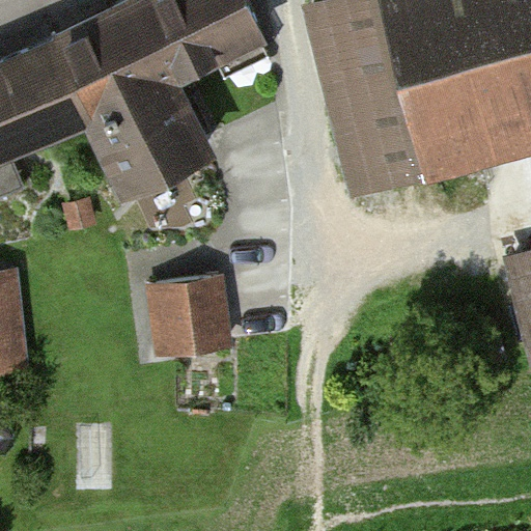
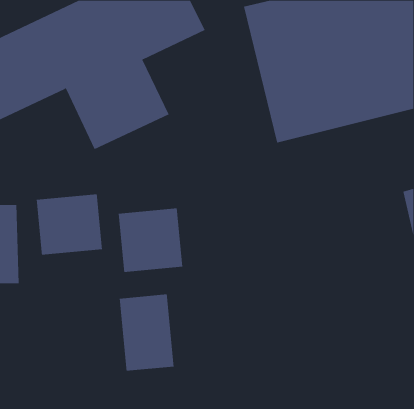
building: none -> [36,193,103,256]
building: none -> [119,294,174,372]

